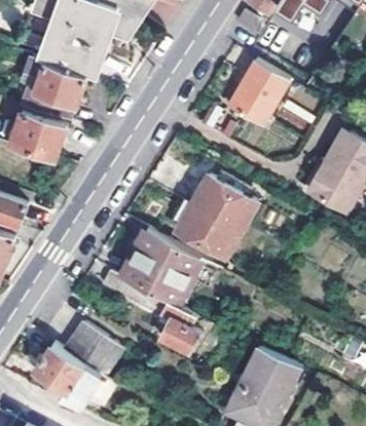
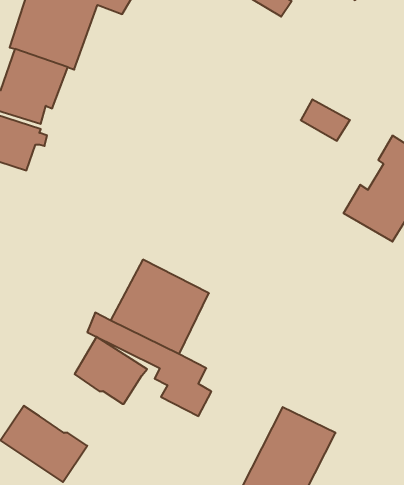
building: [230,56,290,125] -> none
building: [176,172,258,256] -> none
building: [65,322,122,376] -> [75,337,147,404]

